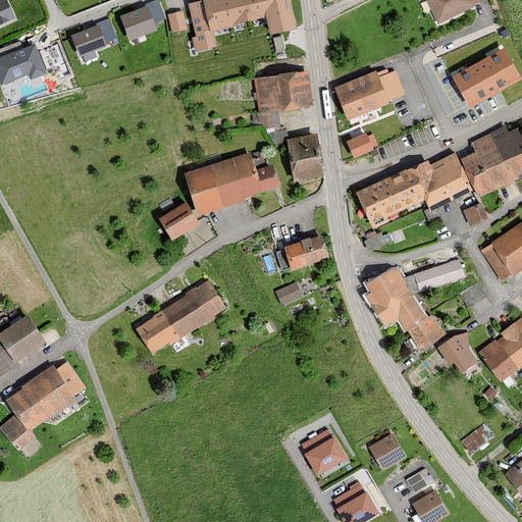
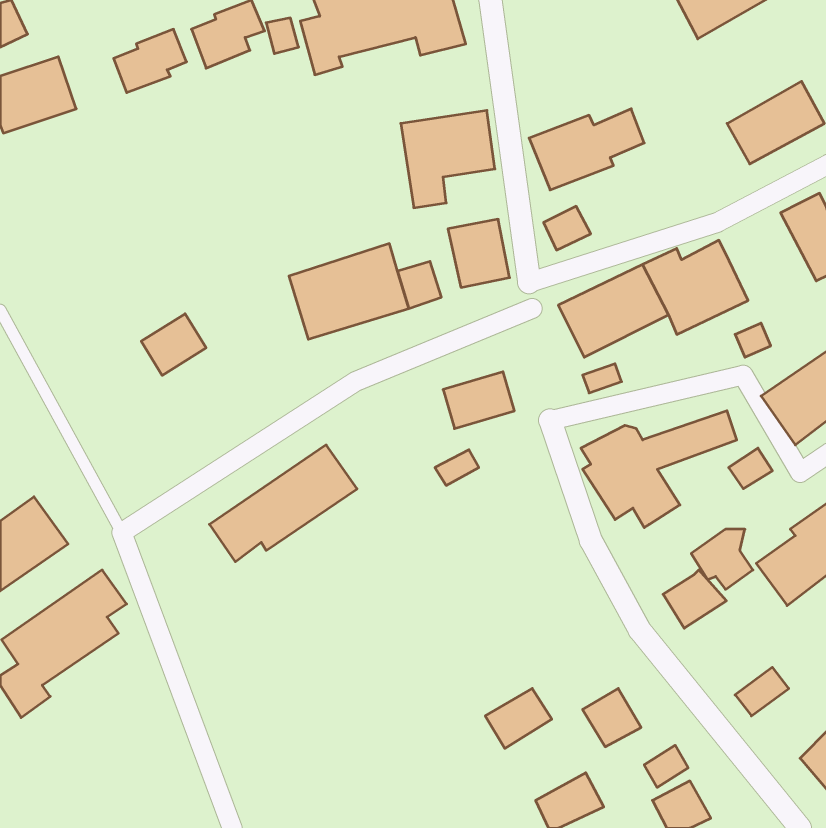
building: [458,134,515,197] -> none
building: [156,201,197,240] -> [141,314,206,375]
building: [410,314,450,351] -> [663,570,726,628]

